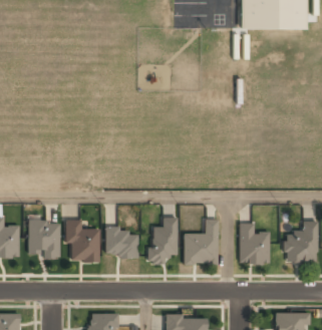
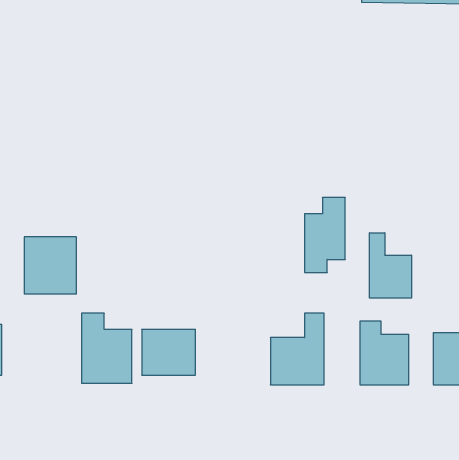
building: none -> [370,233,411,298]
building: [151,218,177,264] -> [305,198,345,272]
building: [28,222,60,257] -> [24,237,76,294]

